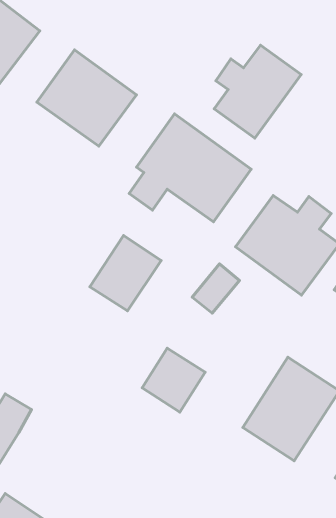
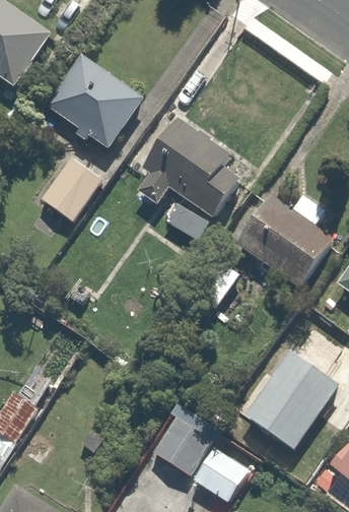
building: [214,45,301,138] -> none
building: [90,235,161,311] -> [39,147,108,220]
building: [142,348,205,412] -> [150,414,211,476]
building: none -> [191,446,248,502]

